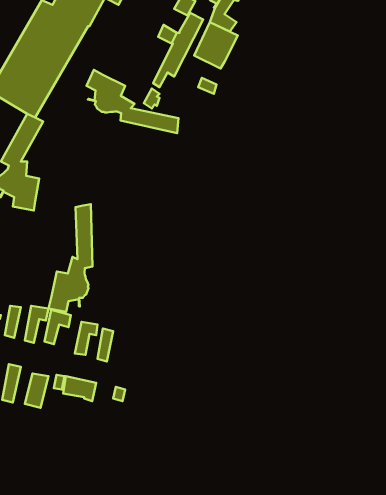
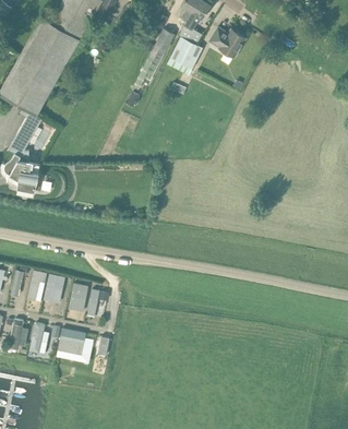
building: none -> [208,29,245,59]
building: [86,70,178,133] -> none
building: [49,204,92,312] -> none

